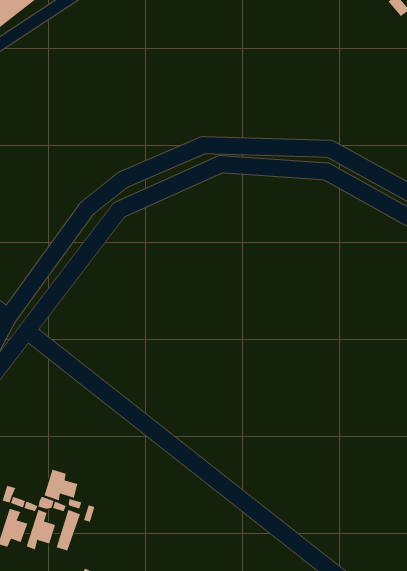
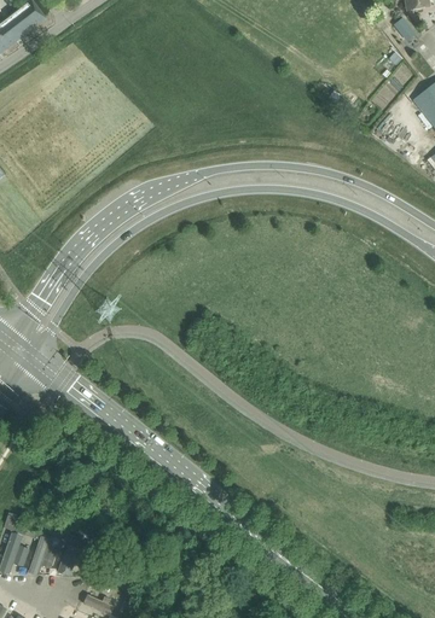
building: [44,469,78,501] -> none

